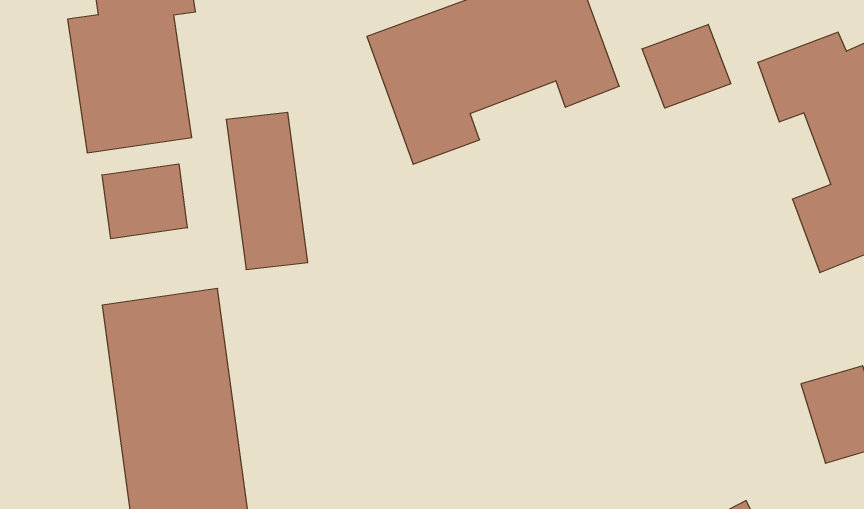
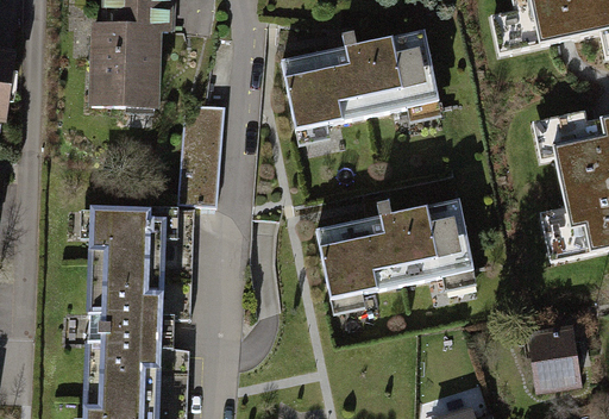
building: [642,24,731,108] -> none
building: [102,164,187,239] -> none
building: none -> [320,201,478,319]

